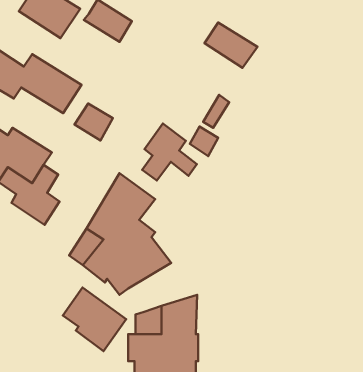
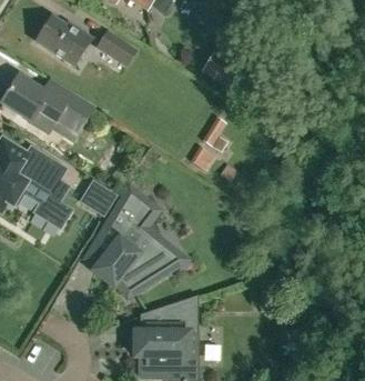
building: [75,104,113,140] -> [82,182,116,215]
building: [142,124,197,181] -> none
building: [63,288,126,351] -> none

